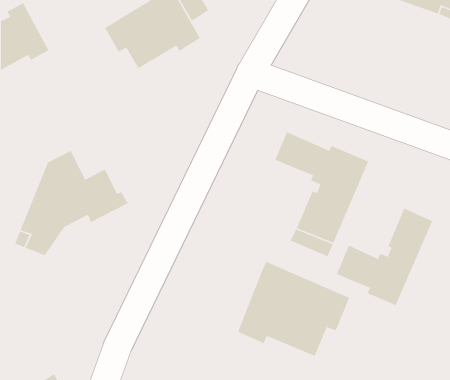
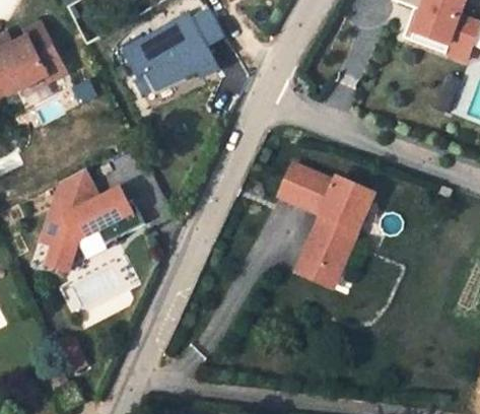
building: [336,207,433,306] -> none
building: [237,261,350,357] -> none

